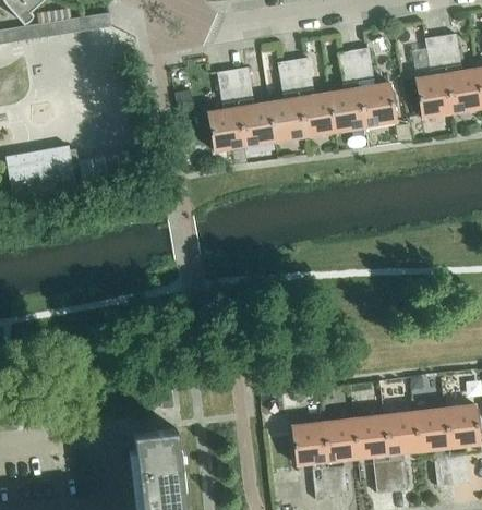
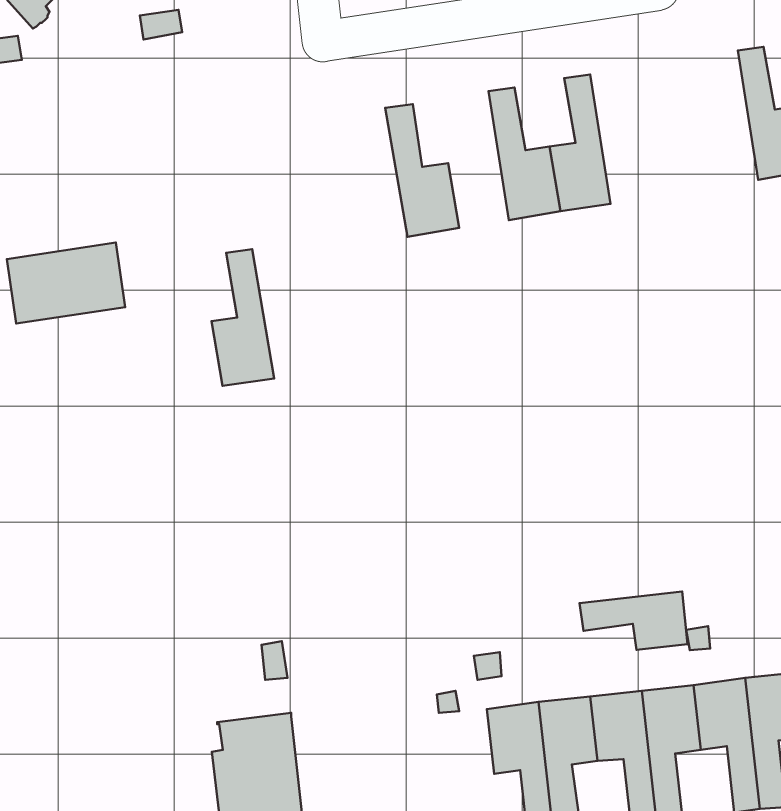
building: [417,36,453,117] -> none
building: [353,48,397,126] -> none
building: [269,60,305,141] -> none
building: [208,70,245,150] -> [211,249,274,386]
building: none -> [580,592,688,650]

